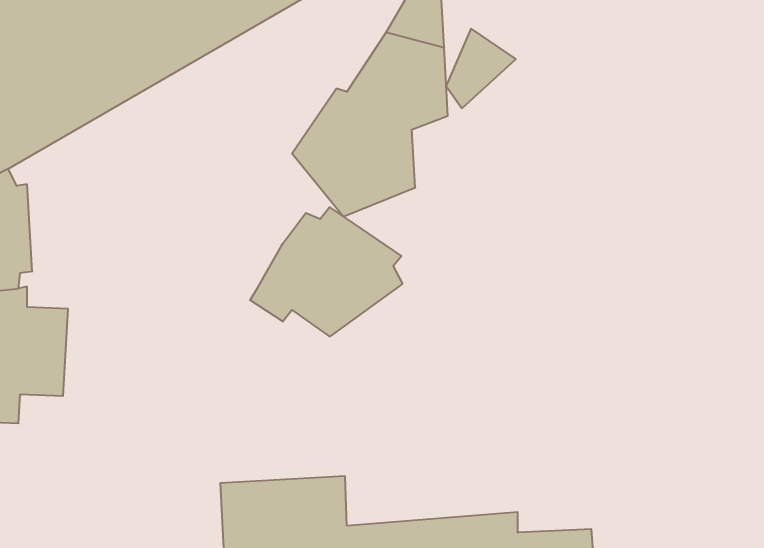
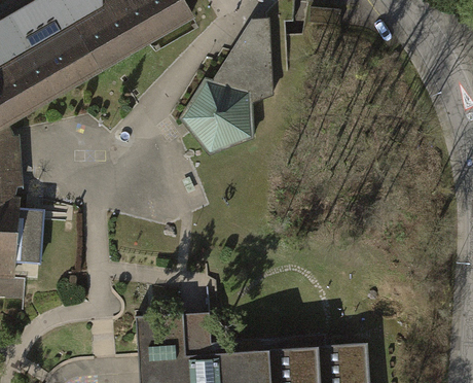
building: [446,29,516,108] -> none
building: [250,207,402,337] -> none

